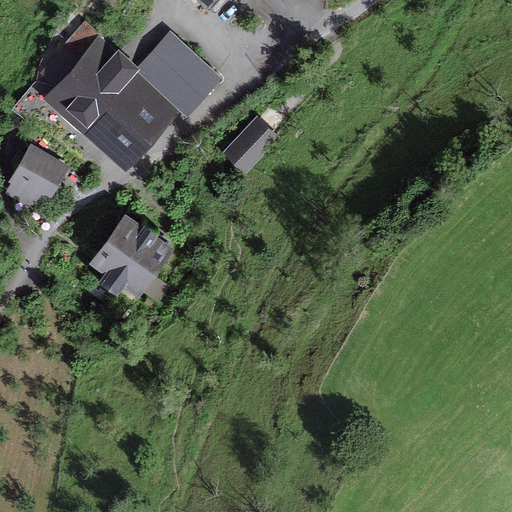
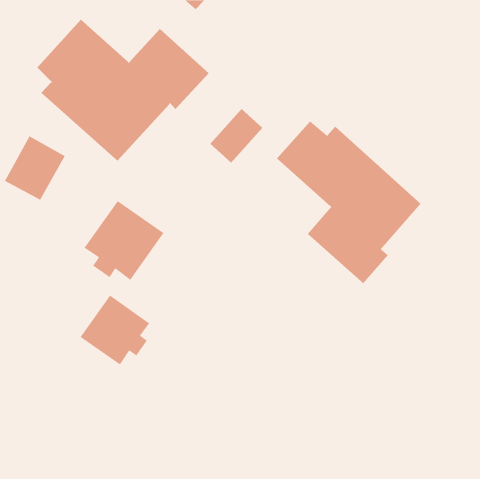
building: none -> [276,120,421,284]
building: none -> [80,295,150,366]

